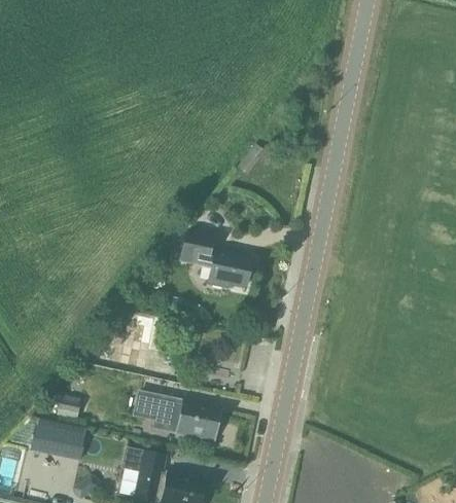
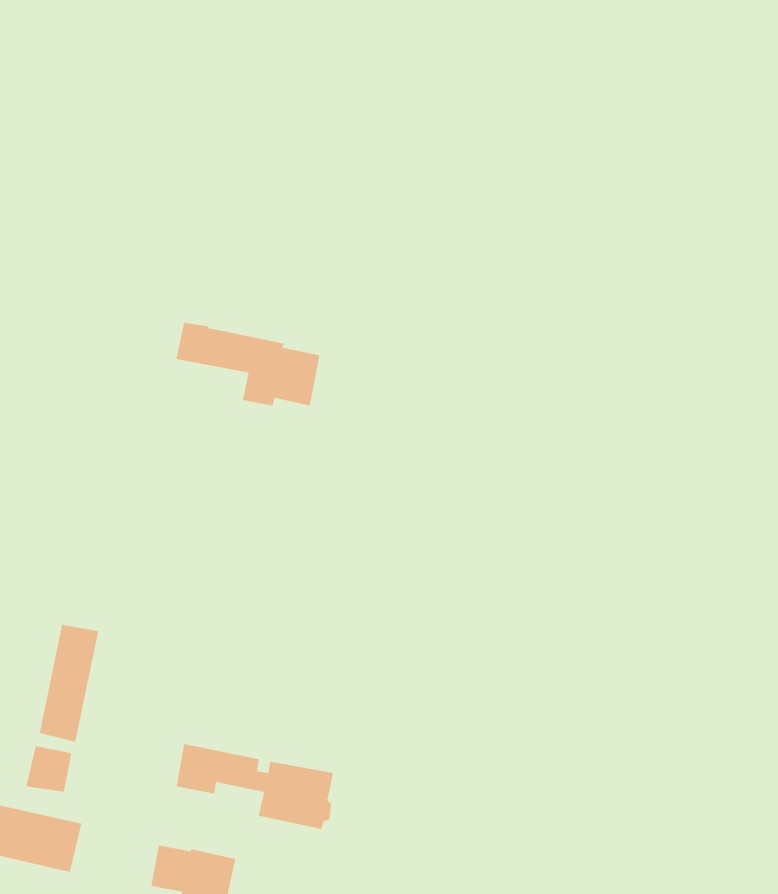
building: [174,242,250,286] -> [176,322,320,406]
building: none -> [39,624,99,742]

